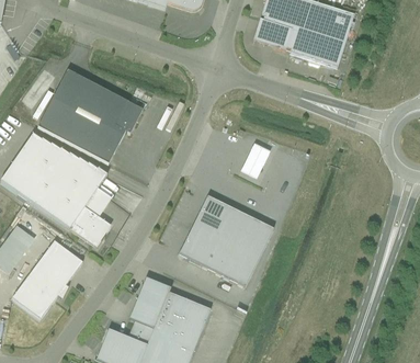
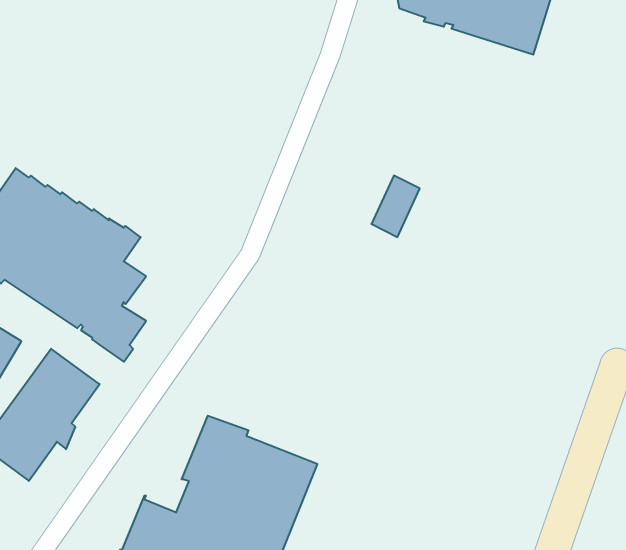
building: [37,68,143,162] -> none
building: [180,195,274,285] -> none

